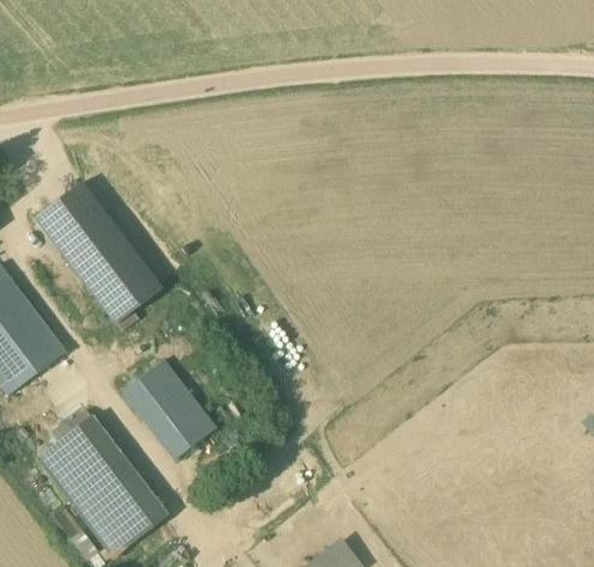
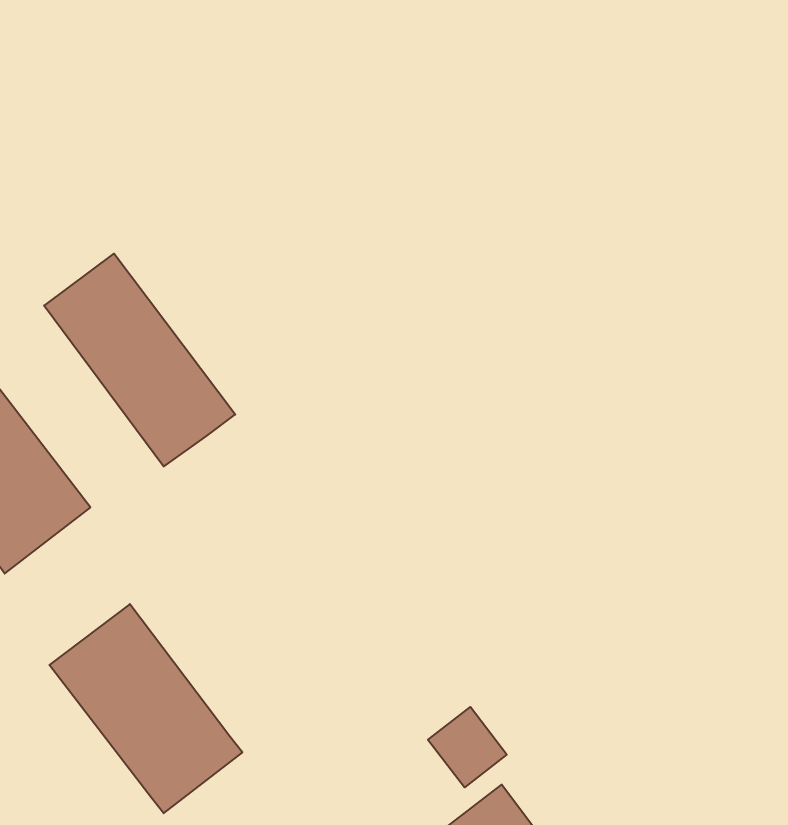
building: [118,355,216,459] -> none
building: none -> [428,707,507,787]

